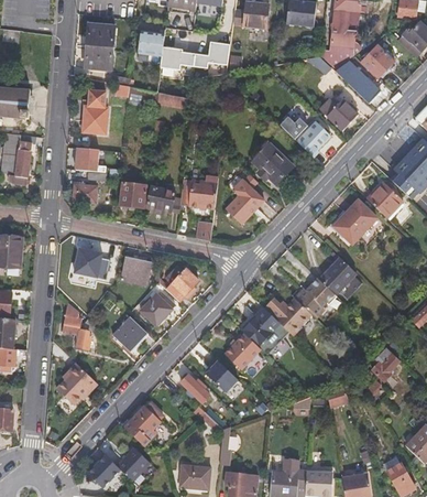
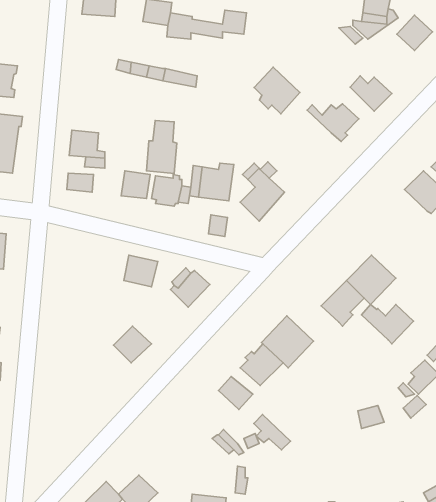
building: [85,45,114,72] -> none
building: [337,60,381,102] -> none
building: [83,88,109,134] -> [146,120,177,174]
building: [252,144,292,185] -> [254,67,300,114]
building: [330,199,375,245] -> none
building: [74,247,110,279] -> none
building: [140,292,175,325] -> none
building: [264,300,309,334] -> [362,305,413,344]
building: [62,302,88,347] -> none
building: [55,360,98,401] -> none
building: [180,374,212,404] -> [254,415,290,450]
building: [121,404,162,449] -> none

